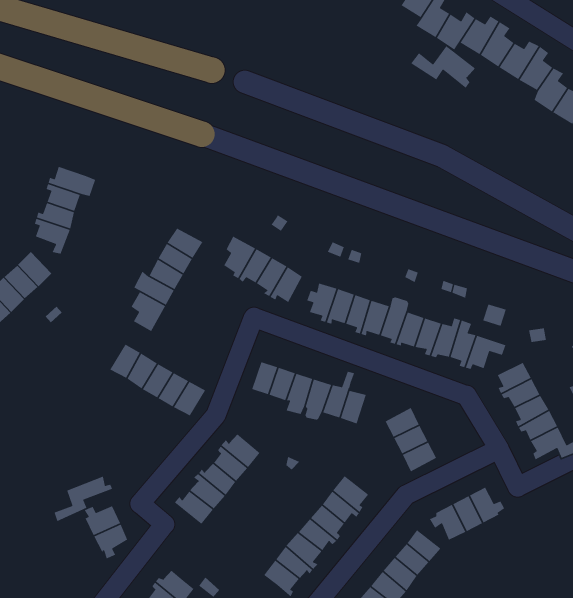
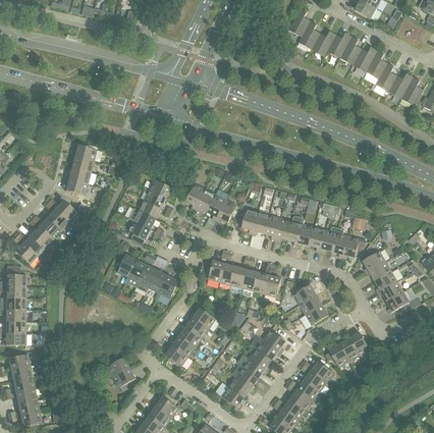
building: [410,45,476,89] -> none
building: [54,476,113,522] -> none

